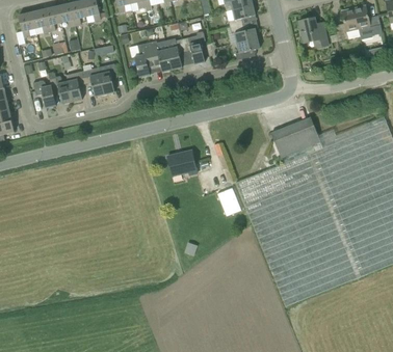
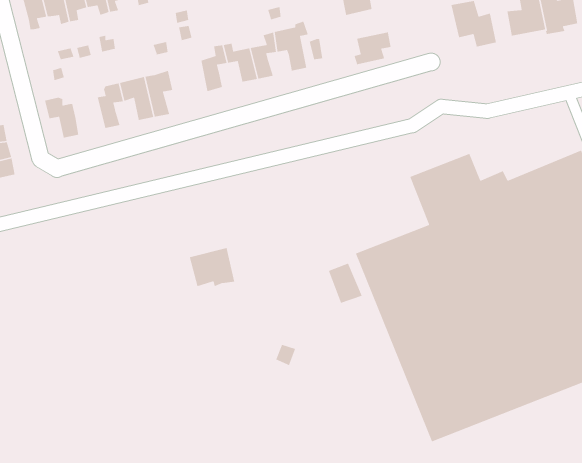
building: [227,23,257,44] -> none
building: [48,71,72,103] -> none
building: [166,150,197,175] -> [189,247,235,287]

